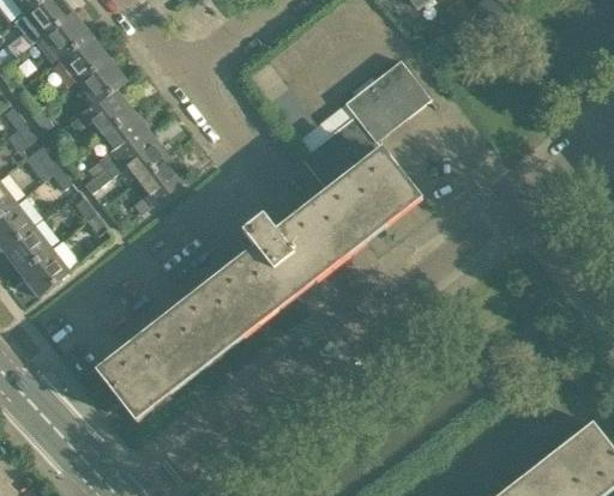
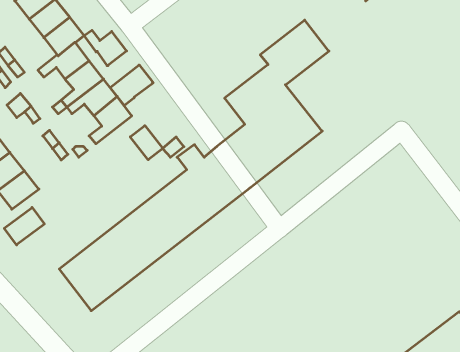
building: none -> [84,30,127,66]
building: none -> [110,65,153,106]
building: none -> [130,126,163,160]
building: none -> [4,207,44,245]

